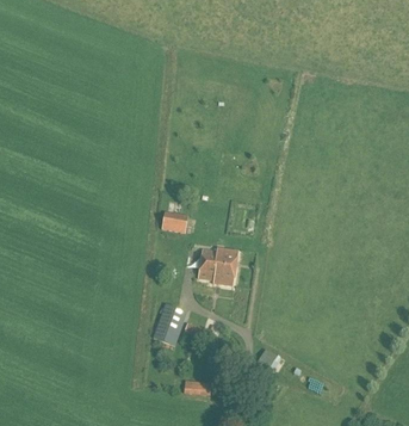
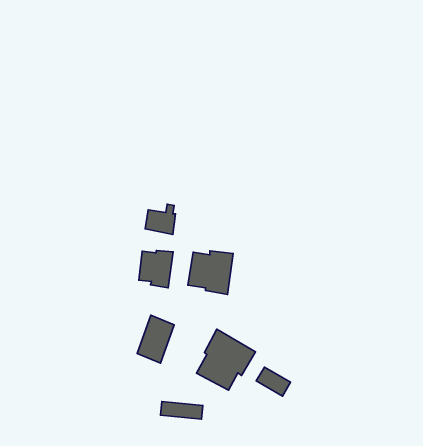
building: none -> [139,250,173,288]
building: none -> [197,329,256,390]

